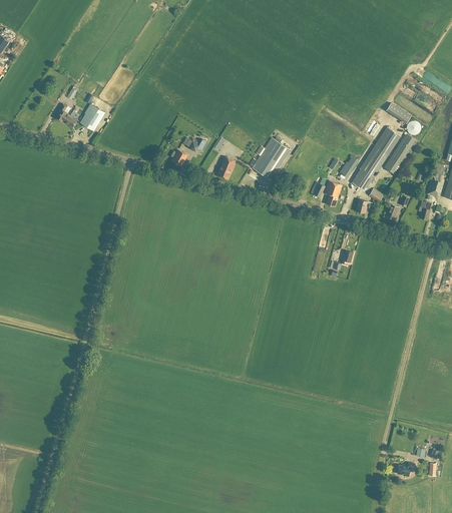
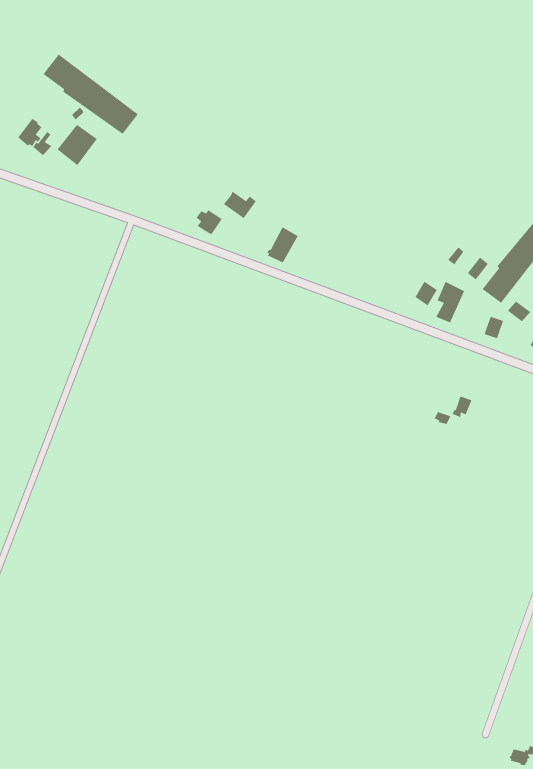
building: none -> [42,54,139,135]
building: [252,137,289,178] -> none

